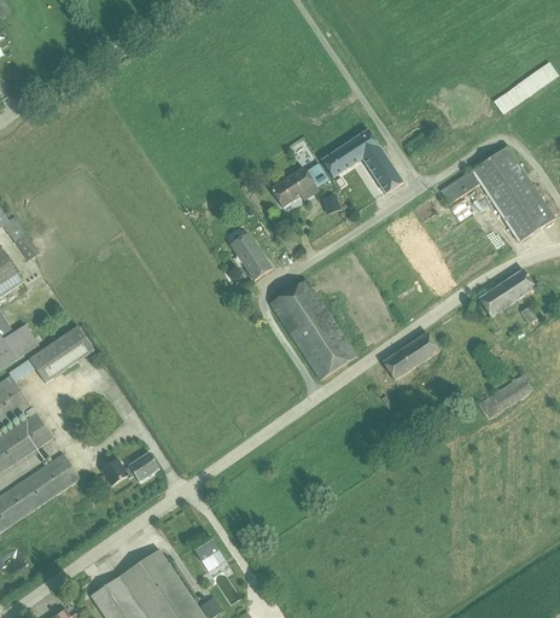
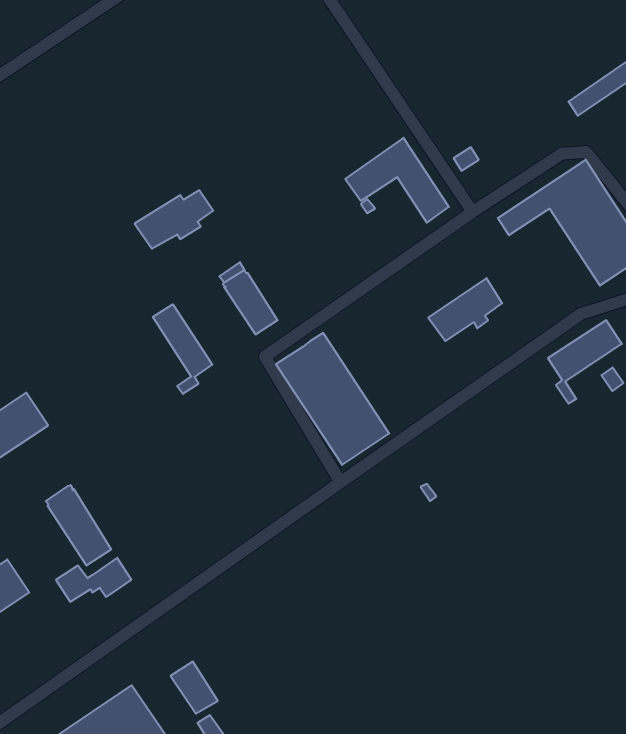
building: [268,163,328,208] -> [135,190,213,249]
building: none -> [153,304,212,394]
building: [381,332,438,380] -> [428,278,502,341]
building: [477,374,532,419] -> none
building: none -> [46,485,111,566]

